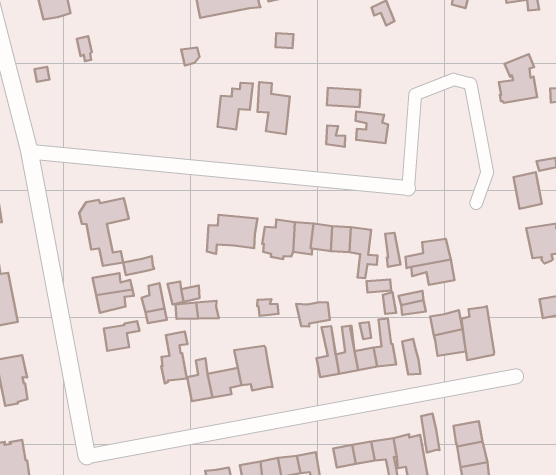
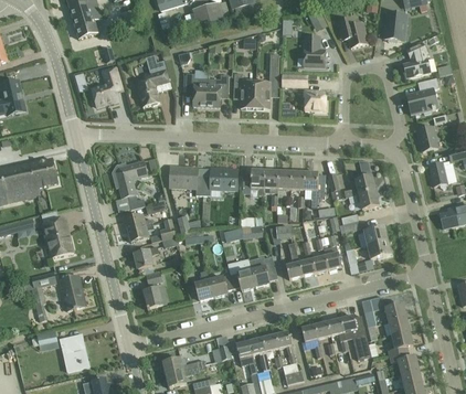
building: none -> [383,11,405,42]
building: none -> [337,17,367,47]
building: none -> [303,35,325,66]
building: none -> [136,54,171,106]
building: none -> [254,53,278,108]
building: none -> [91,66,121,106]
building: none -> [184,73,206,106]
building: none -> [405,77,438,114]
building: none -> [169,166,203,194]
building: [461,306,494,360] -> none
building: [161,332,187,384] -> [144,271,162,309]
building: none -> [251,257,277,287]

